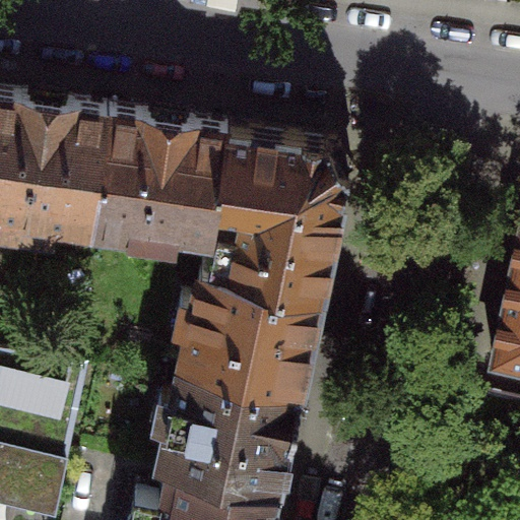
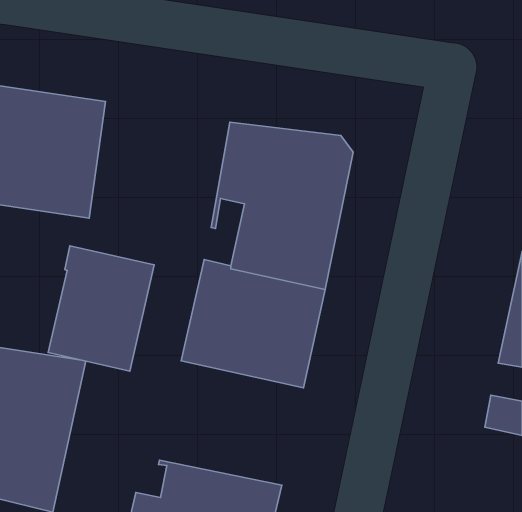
building: [87,116,225,240] -> none
building: none -> [48,246,154,371]
building: [156,371,298,493] -> none

